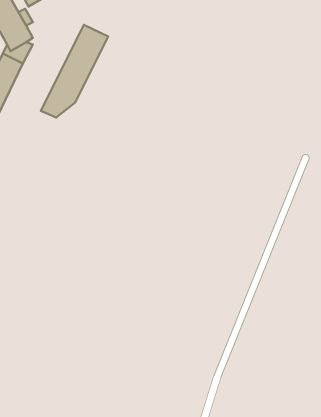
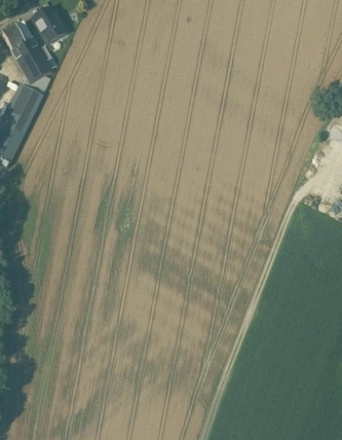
building: [41,25,108,118] -> none

